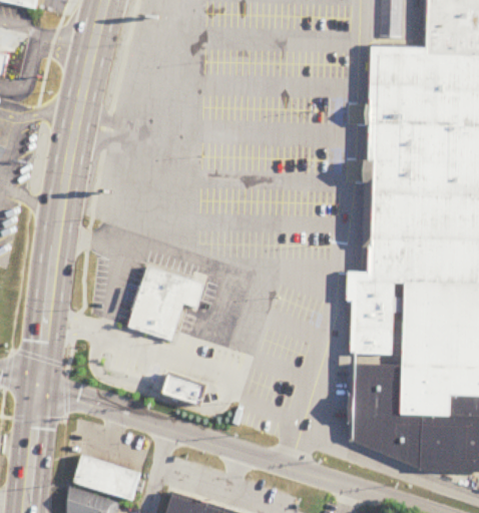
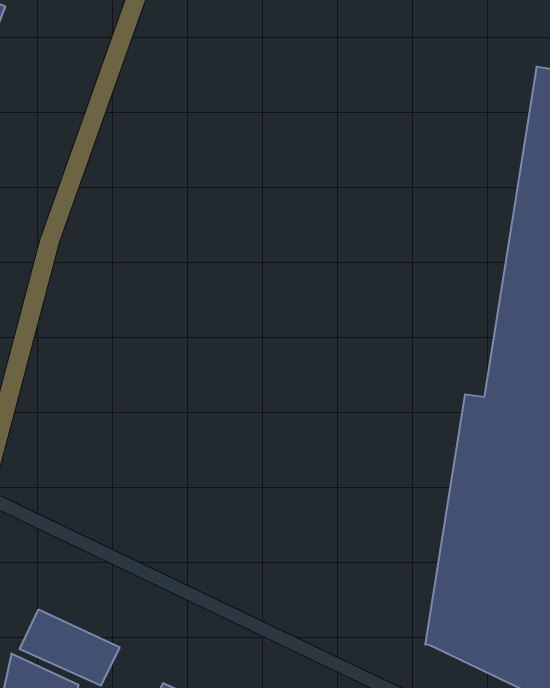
building: [128,266,203,339] -> none
building: [163,373,205,404] -> none

